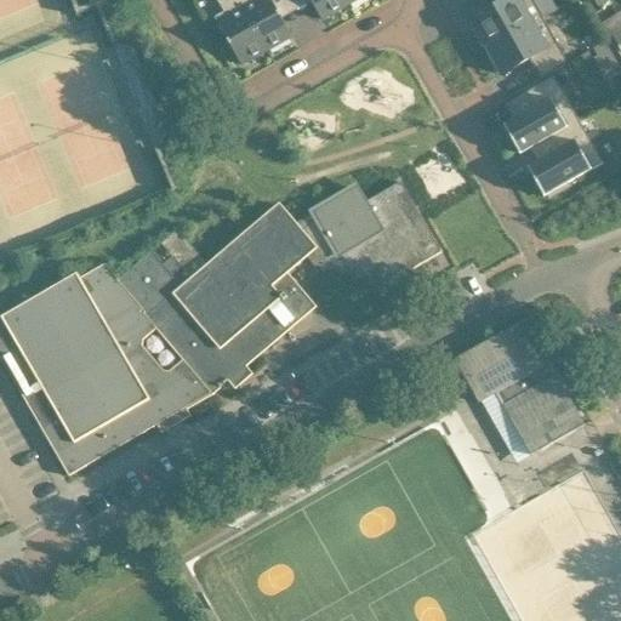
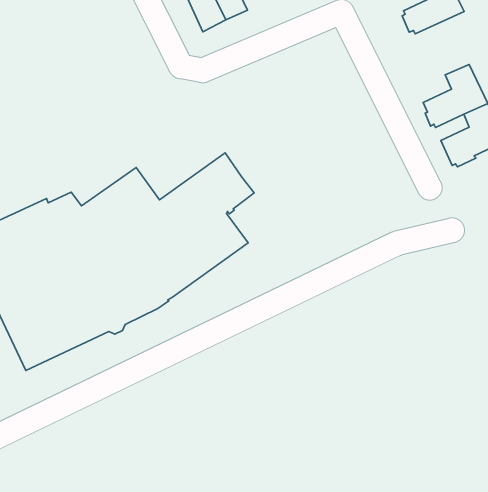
building: [484,16,568,78] -> none
building: [300,181,439,274] -> none
building: [454,318,583,455] -> none

